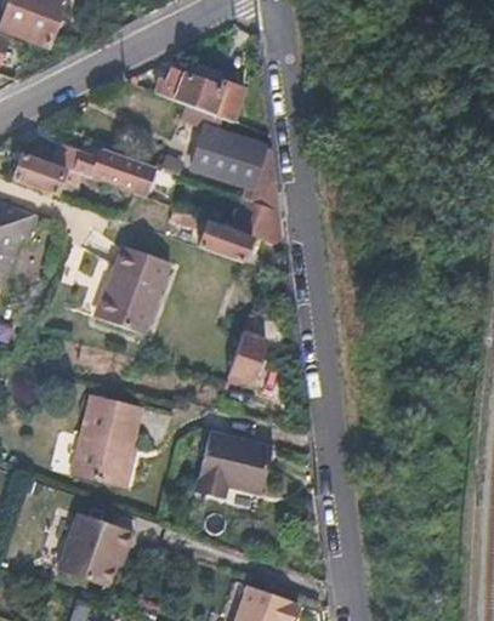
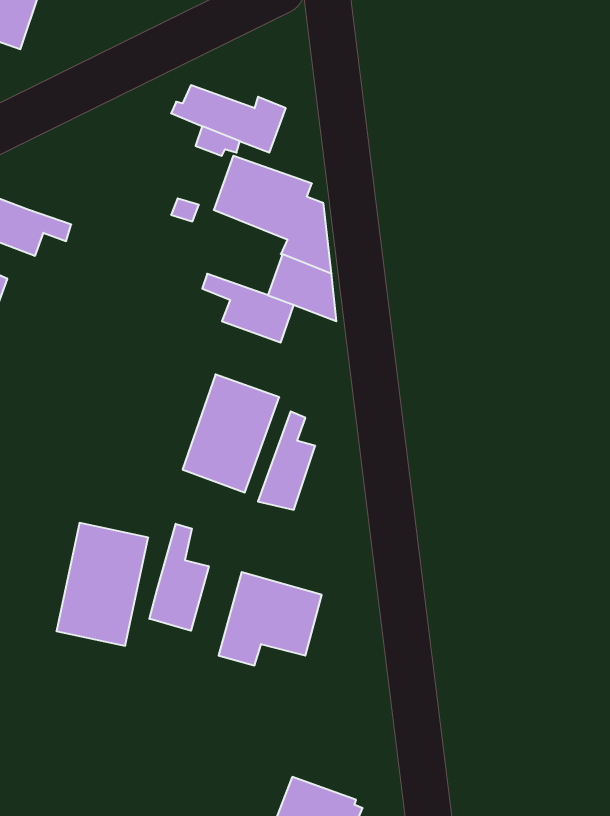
building: [53,144,155,196] -> none
building: [97,244,169,331] -> [183,374,279,492]
building: none -> [149,524,209,631]
building: [59,512,135,587] -> none

